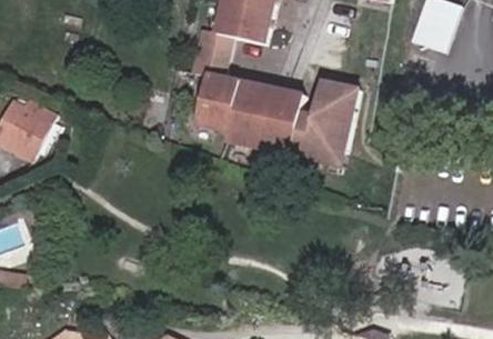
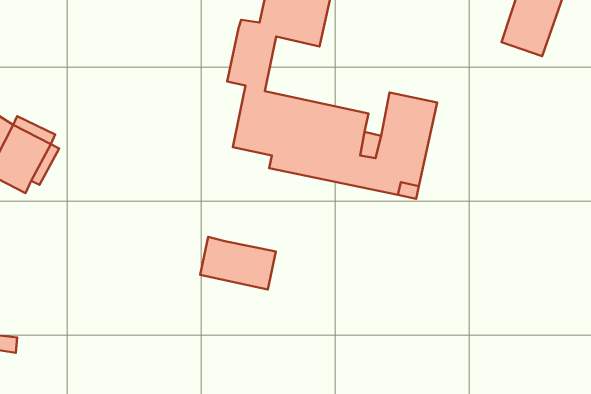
building: none -> [200,237,276,289]

